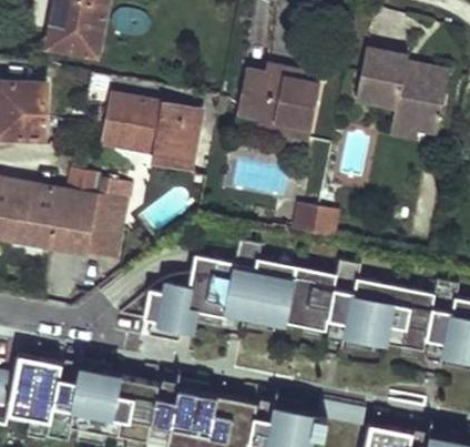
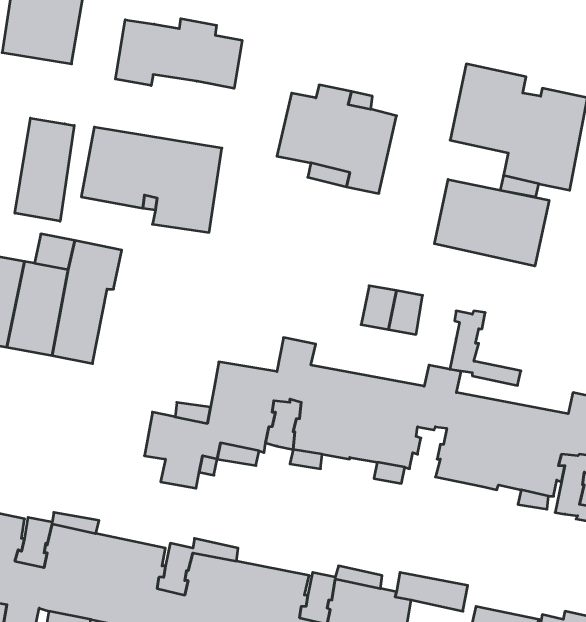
building: none -> [115,19,242,88]
building: none -> [15,118,74,221]
building: none -> [434,179,549,266]
building: [328,301,377,352] -> [450,311,521,385]

